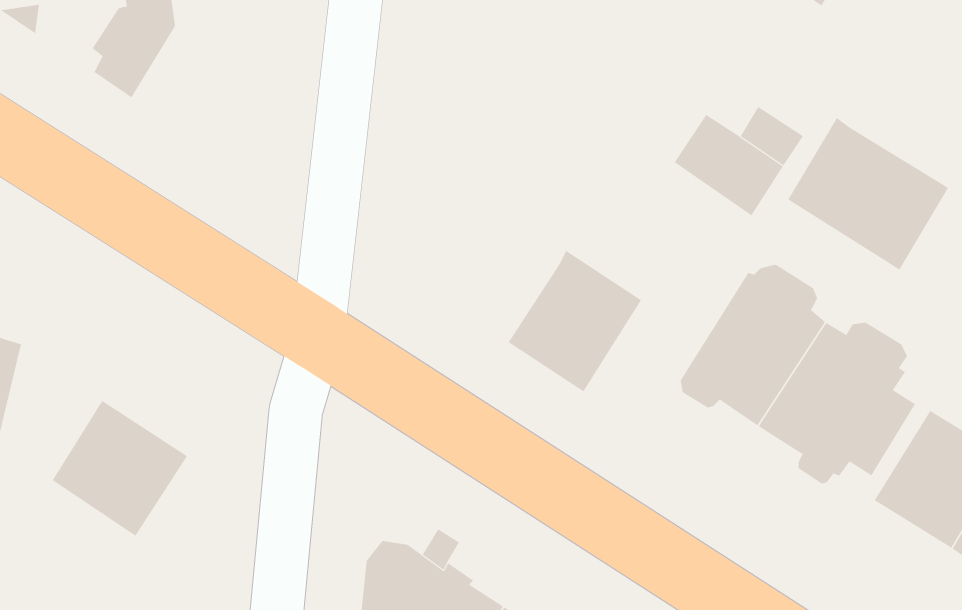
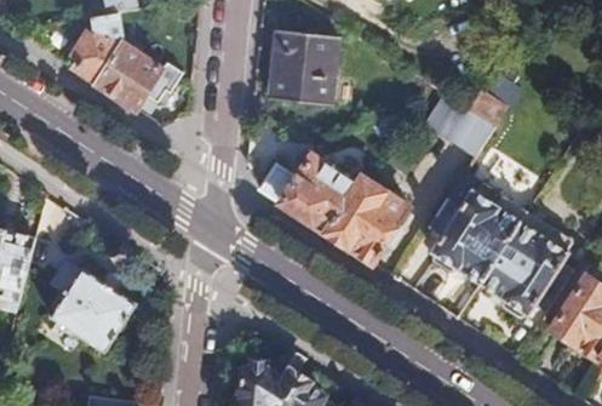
building: none -> [270,32,337,104]
building: none -> [97,41,183,110]
building: [787,117,949,270] -> none
building: none -> [257,154,356,233]

